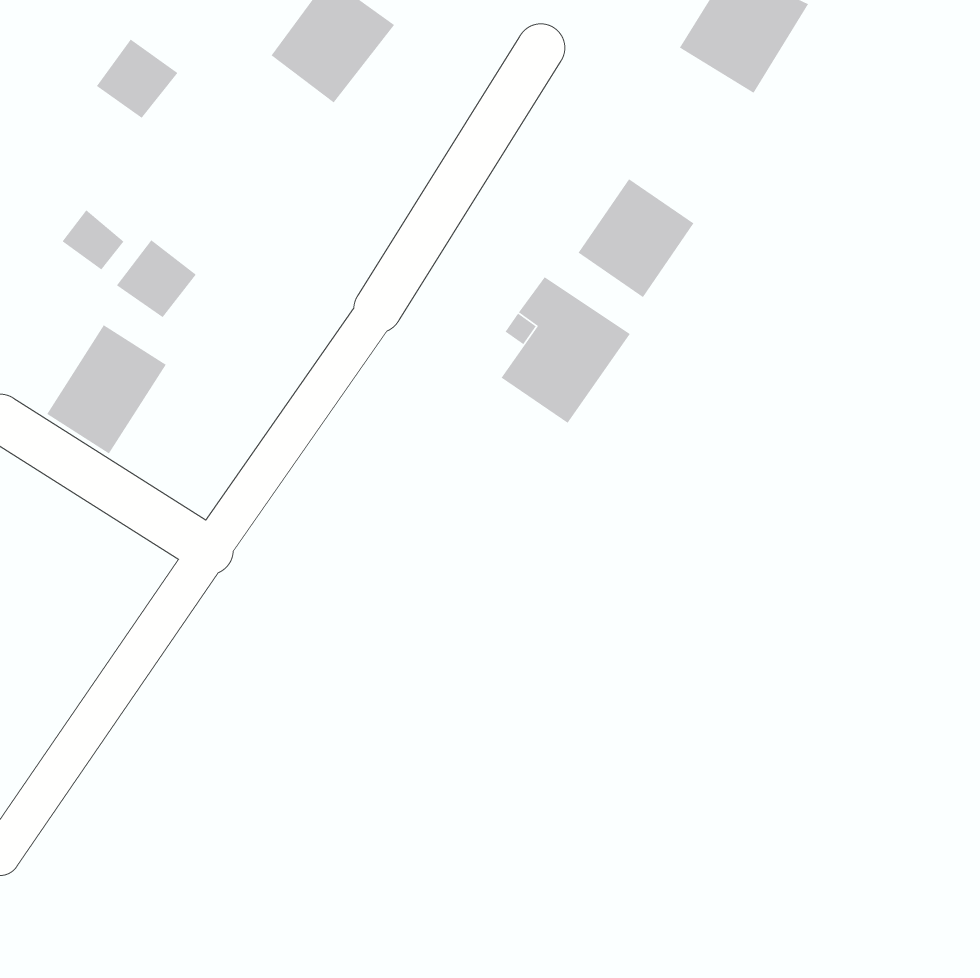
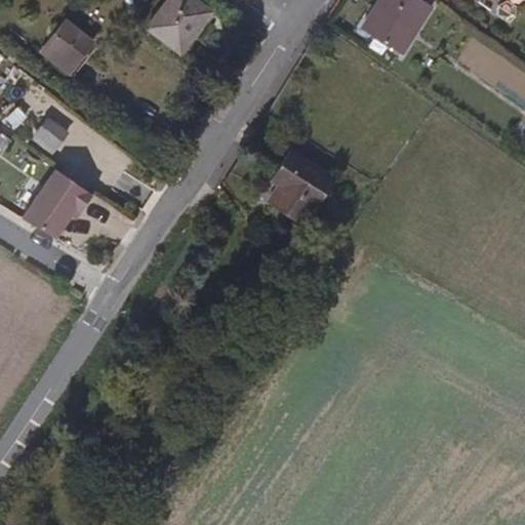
building: [578,178,695,298] -> none
building: [116,239,197,318] -> none

